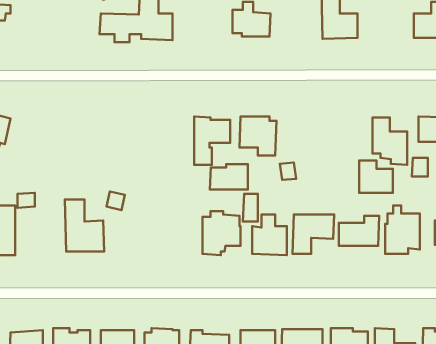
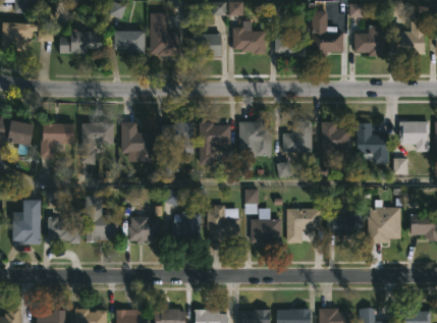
building: none -> [353,24,385,54]
building: none -> [60,30,103,53]
building: none -> [274,32,306,56]
building: none -> [192,34,222,57]
building: none -> [121,121,154,162]
building: none -> [282,121,312,152]
building: none -> [44,122,74,157]
building: none -> [81,122,113,164]
building: [359,161,393,193] -> [321,121,350,150]
building: [210,164,248,190] -> [160,121,194,144]
building: none -> [171,211,201,239]
building: none -> [48,216,79,244]
building: none -> [128,216,159,244]

